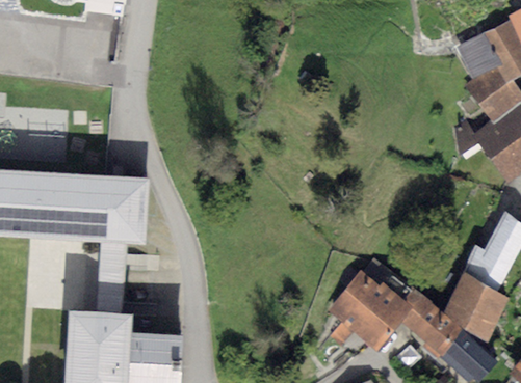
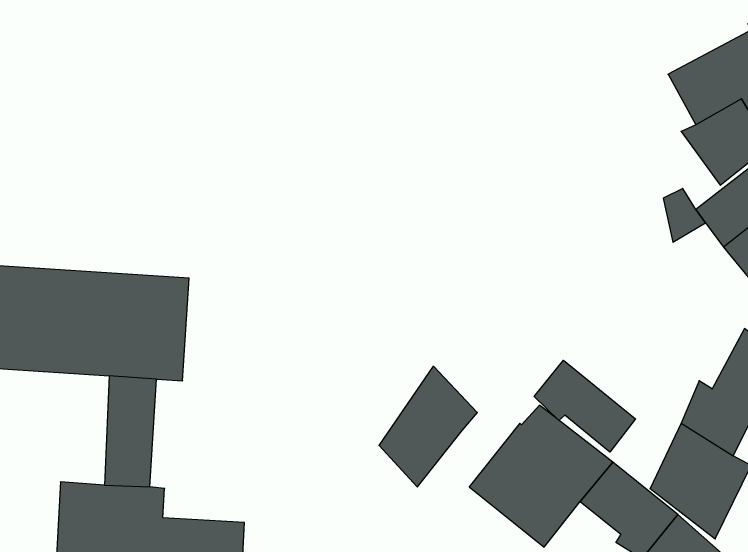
building: none -> [534,360,636,452]
building: none -> [379,366,477,487]

